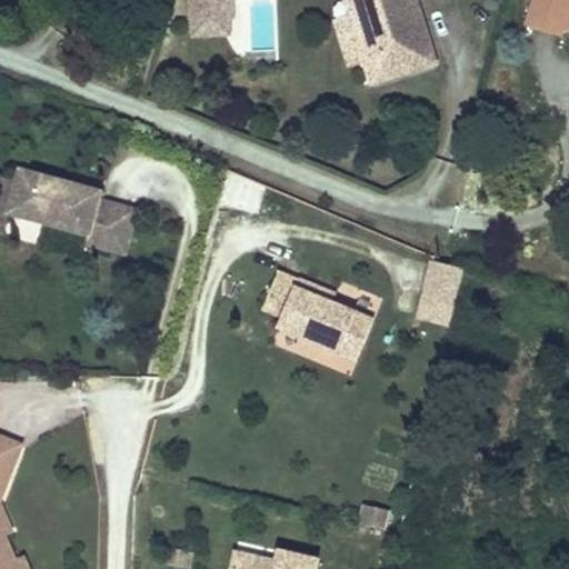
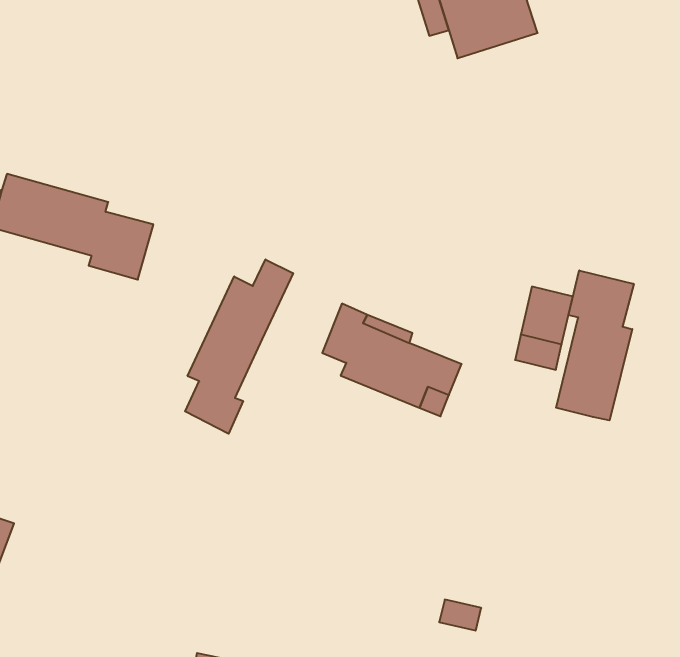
building: none -> [185,259,293,434]
building: none -> [556,270,634,420]

